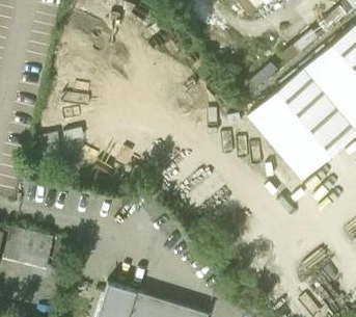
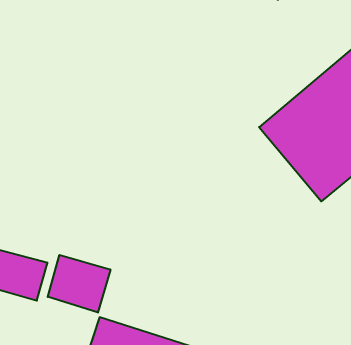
building: none -> [48,255,110,313]

